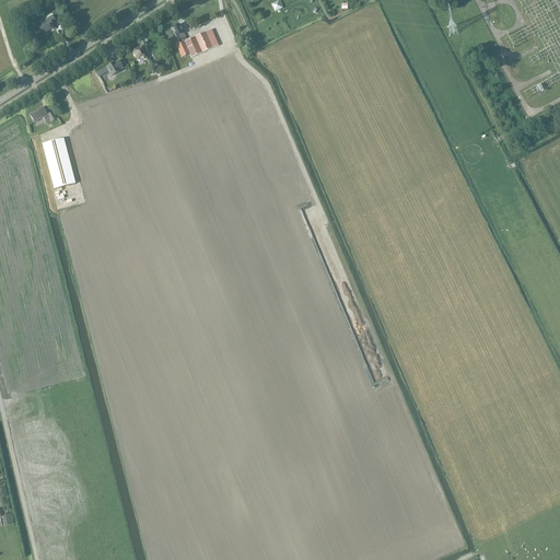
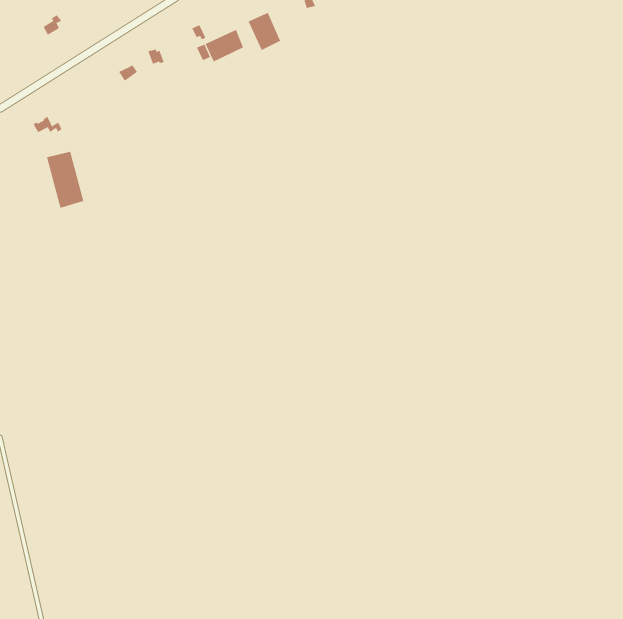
building: none -> [248,12,281,51]

